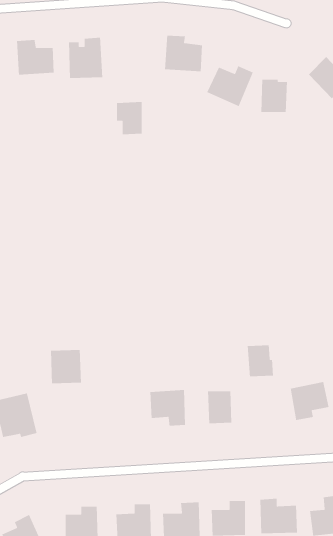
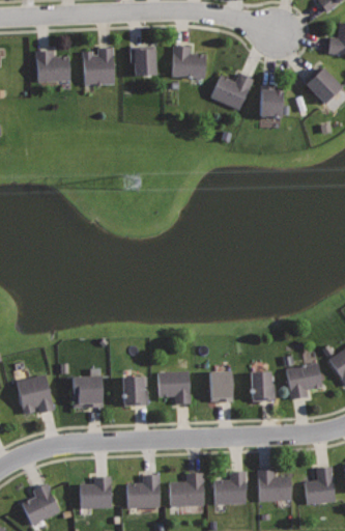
building: [116,101,142,135] -> [130,45,153,76]
building: [247,344,274,377] -> [250,371,275,401]
building: [50,349,82,384] -> [73,374,102,407]
building: none -> [120,375,147,407]

